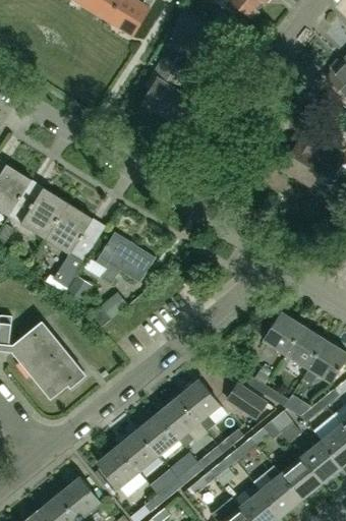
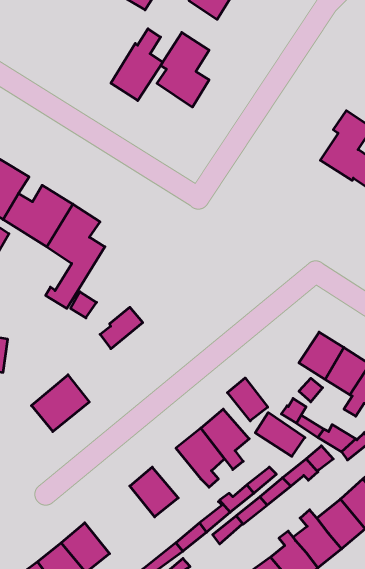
building: none -> [111,29,163,101]
building: [96,235,157,285] -> none
building: [15,328,65,377] -> none
building: none -> [227,378,268,421]
building: [137,413,179,456] -> none
building: [97,446,139,489] -> none

